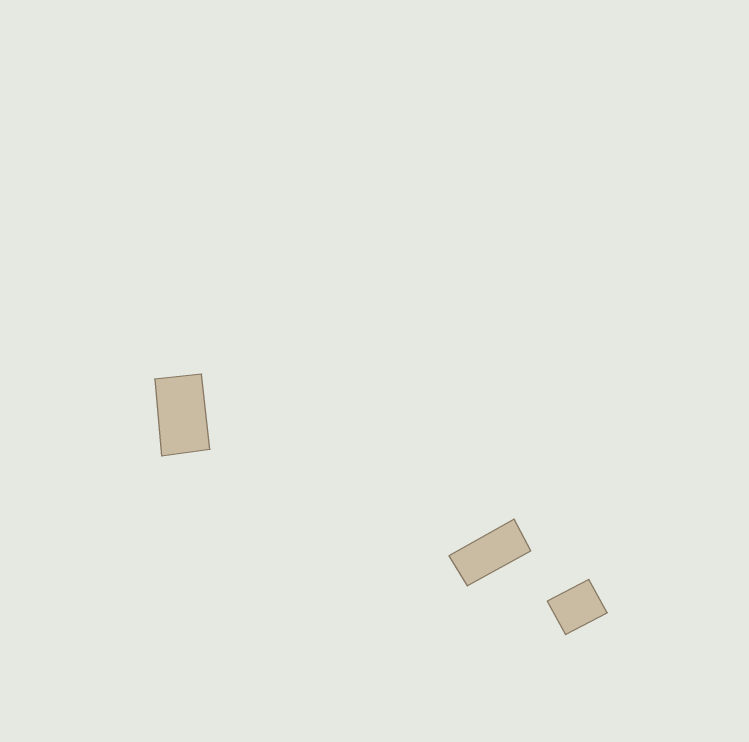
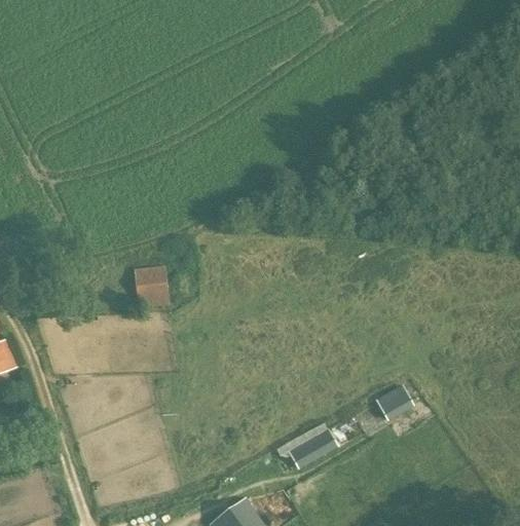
building: [449,519,531,586] -> [287,427,337,468]

